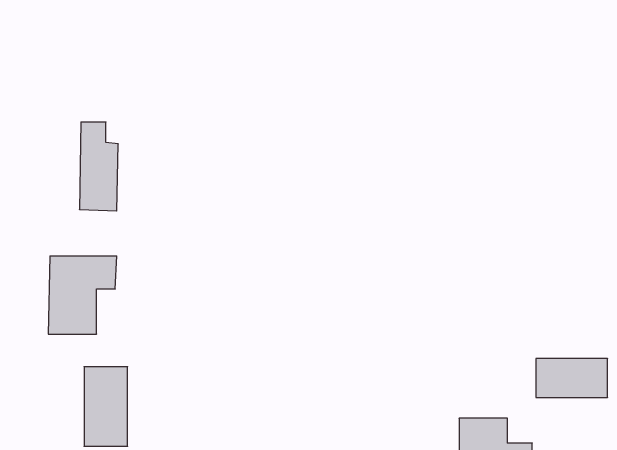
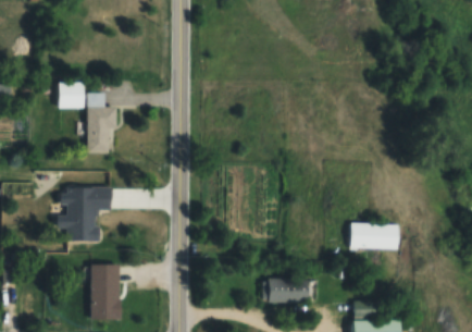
building: none -> [58,83,84,110]
building: [536,359,608,397] -> [350,222,400,249]
building: none -> [262,278,309,302]

